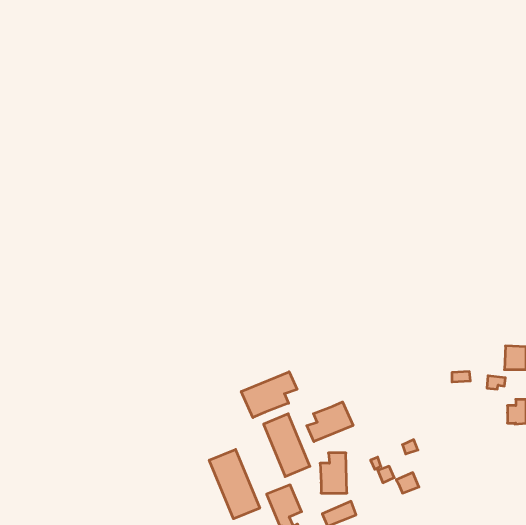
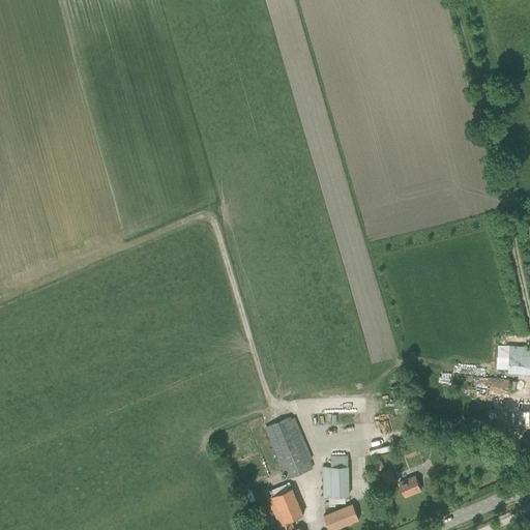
building: [241,372,297,418] -> none
building: [307,402,353,442] -> none
building: [209,449,260,519] -> none

